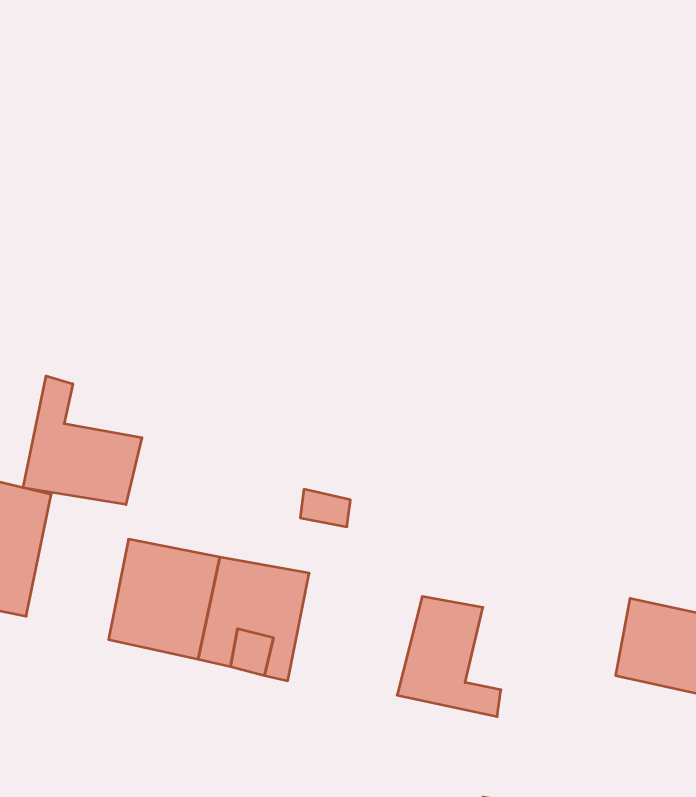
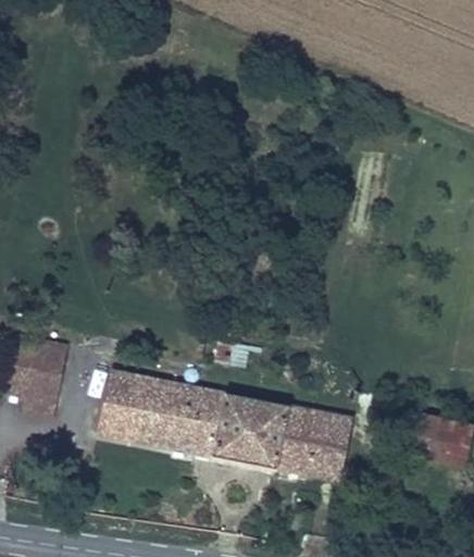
building: [23,376,142,505] -> none
building: none -> [209,392,290,470]
building: none -> [316,412,349,462]

